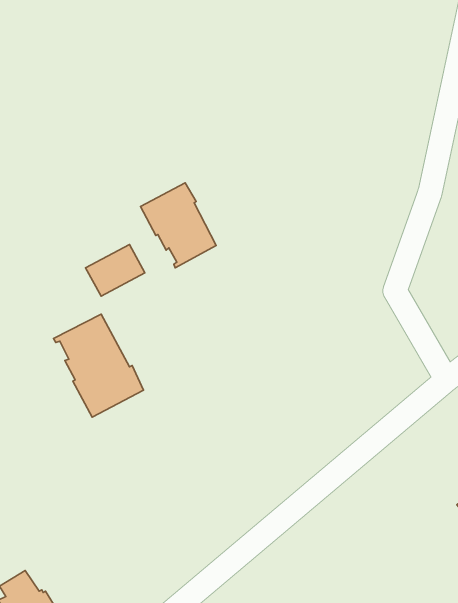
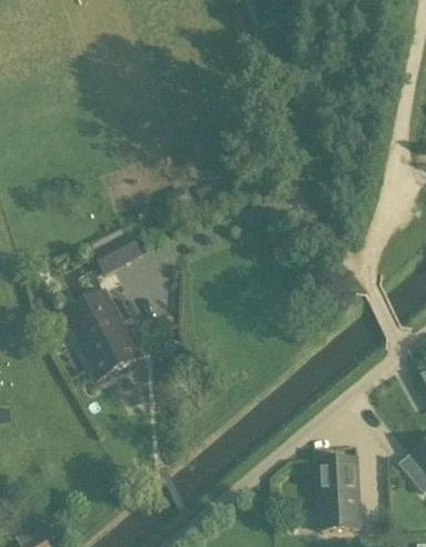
building: [141,183,216,268] -> none
building: none -> [317,456,359,529]

